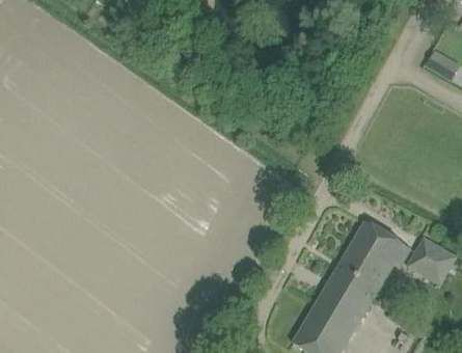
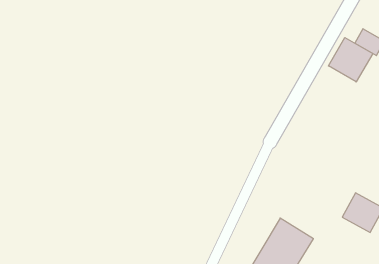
building: none -> [328,38,373,82]
building: [337,222,408,291] -> none

